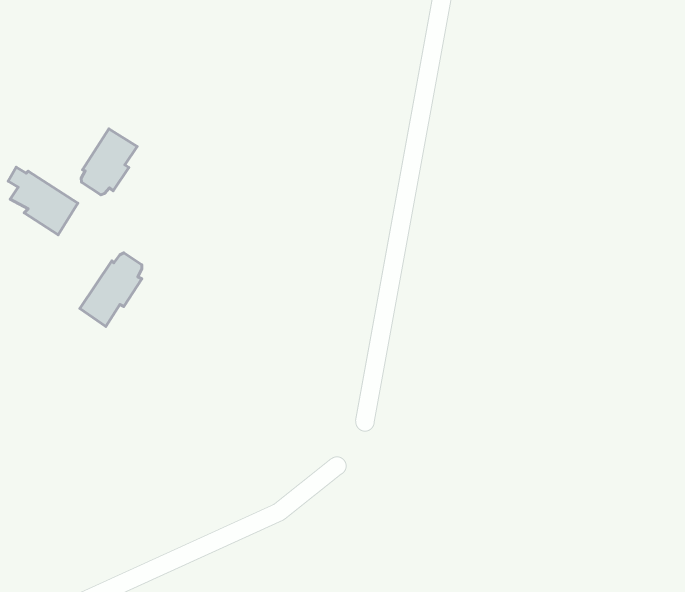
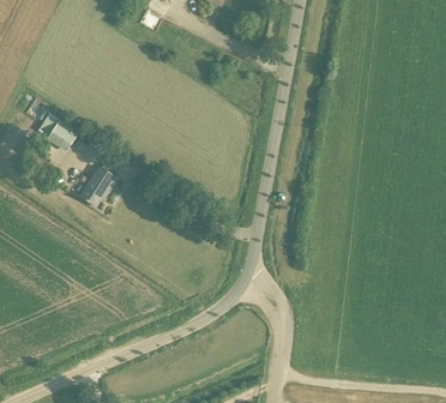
building: [81,129,137,195] -> none

